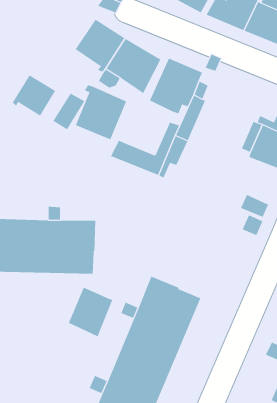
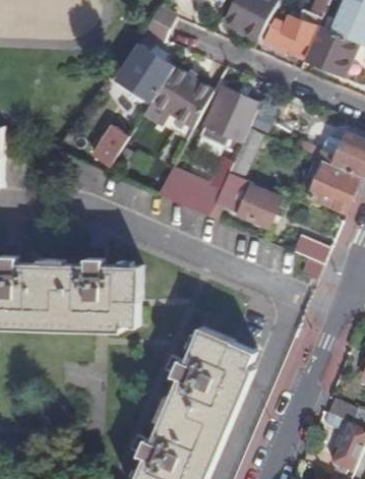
building: [12,75,56,116] -> none
building: [75,84,127,140] -> none
building: none -> [237,187,280,227]
building: [68,287,113,337] -> none

